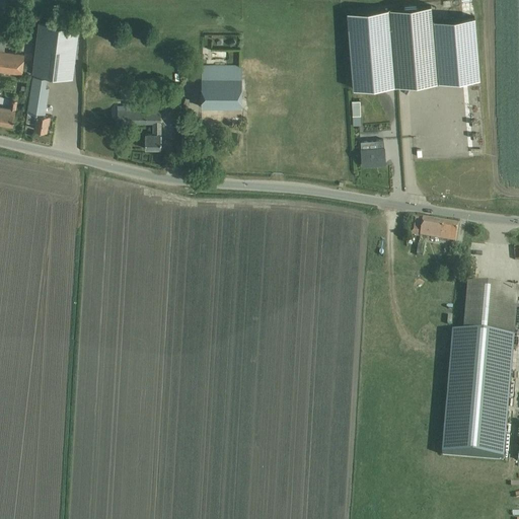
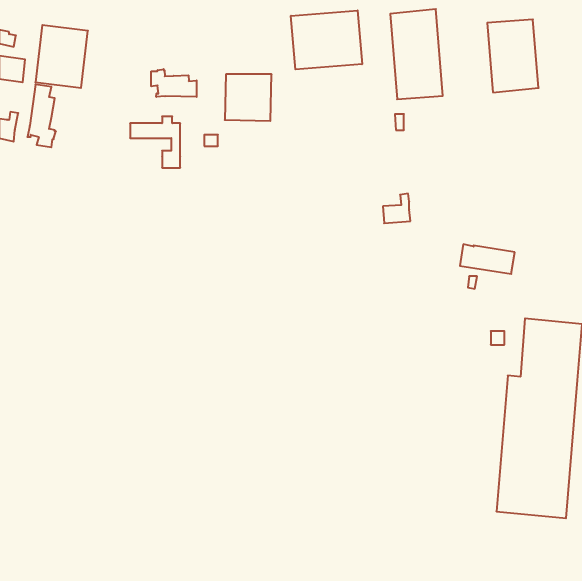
building: [387,7,438,87] -> none
building: none -> [291,10,362,69]
building: none -> [151,69,197,97]
building: [360,141,384,167] -> [383,194,410,223]

